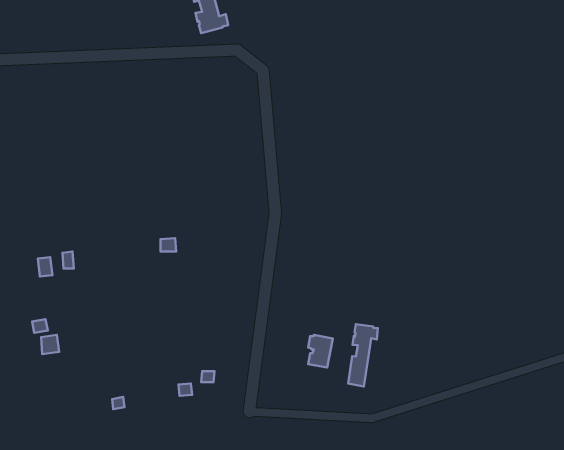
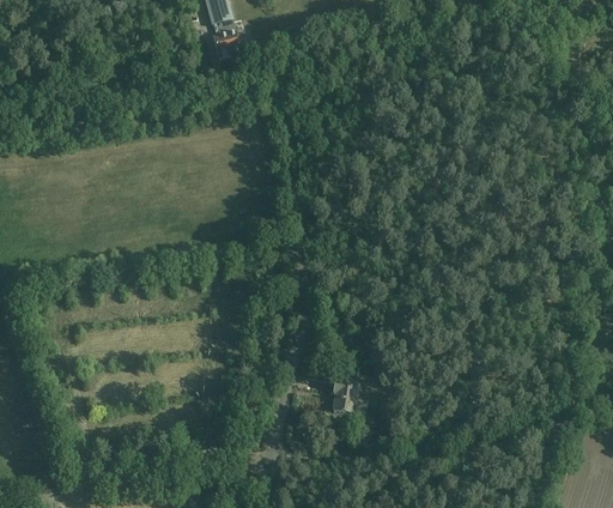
building: [348,324,378,386] -> none

